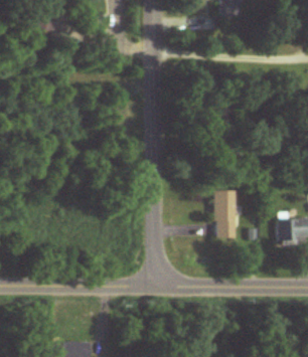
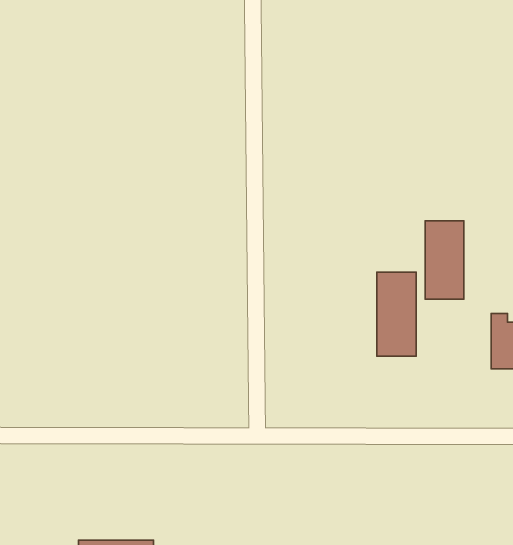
building: none -> [425,221,464,299]

